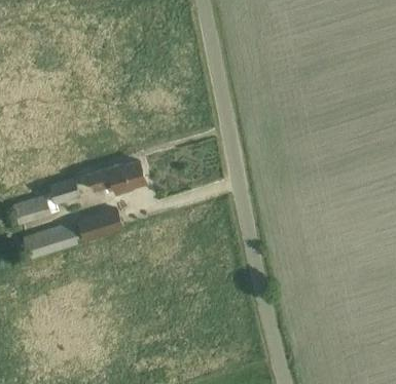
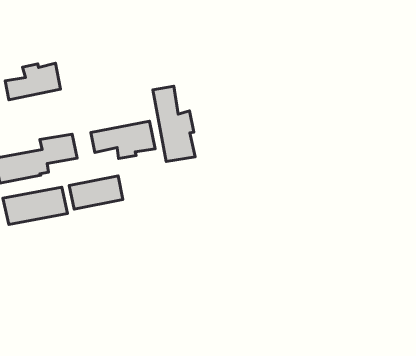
building: none -> [5,63,60,100]
building: none -> [153,86,195,162]

